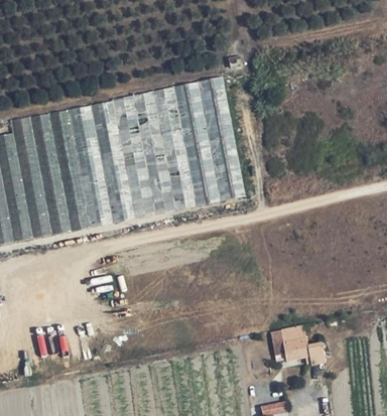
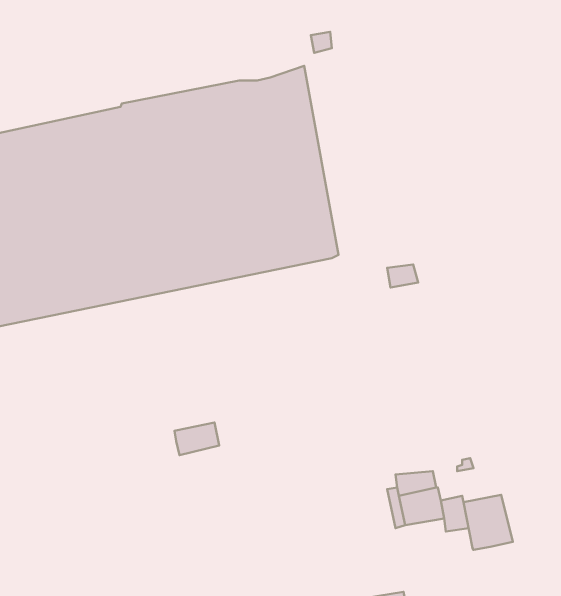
building: none -> [174,422,219,455]
building: none -> [463,495,513,550]

